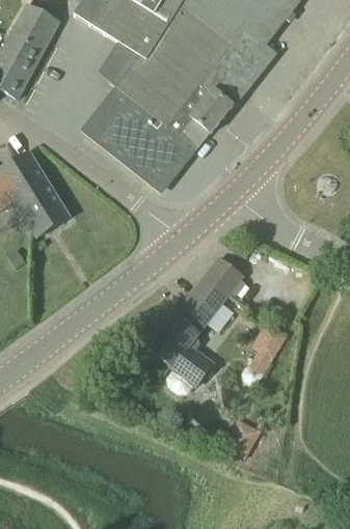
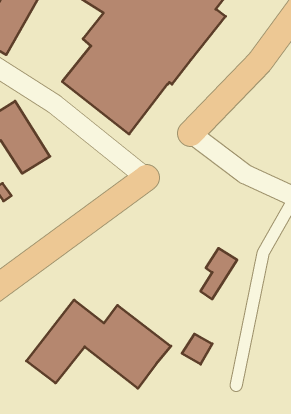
building: [147,257,242,384] -> none
building: none -> [26,300,171,388]

